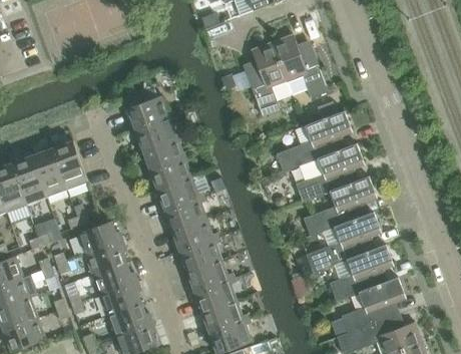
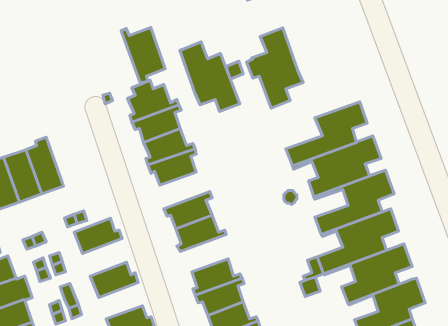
building: [272,34,328,99] -> [180,42,240,111]
building: none -> [121,28,165,83]
building: [50,141,87,191] -> none
building: [156,178,203,212] -> none
building: [175,236,220,271] -> none
building: [84,240,125,275] -> none
building: [99,281,140,315] -> none

